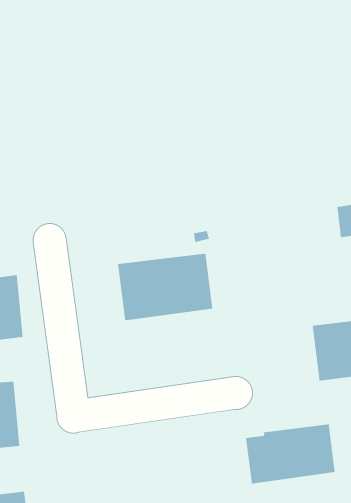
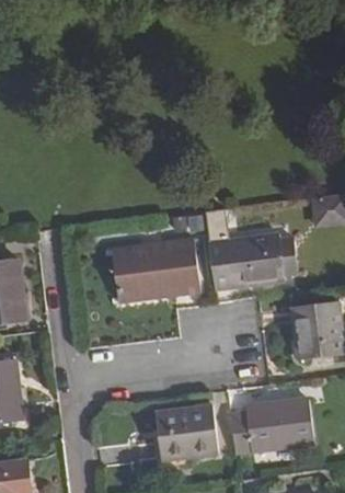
building: none -> [204,208,295,289]
building: none -> [154,404,217,460]

